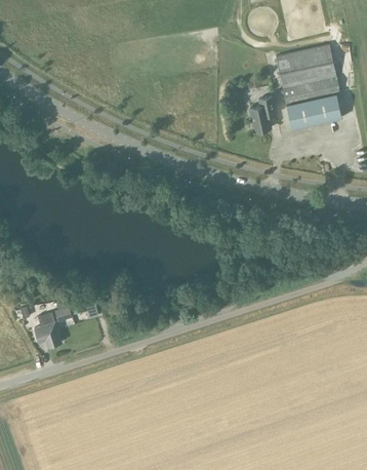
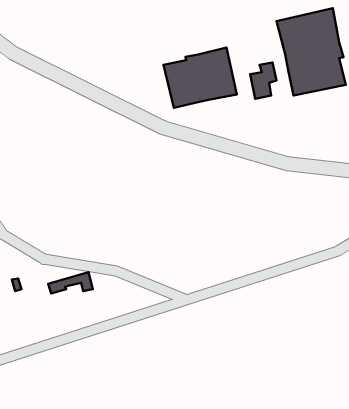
building: none -> [164,47,237,108]
building: [34,311,60,346] -> none

